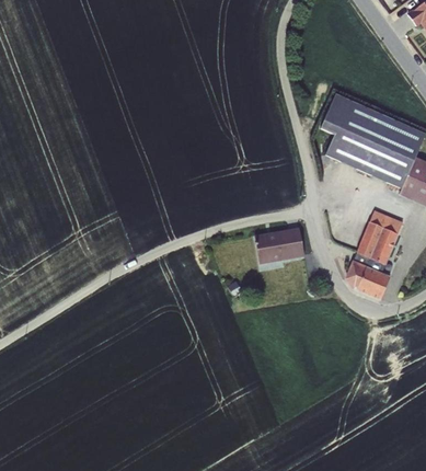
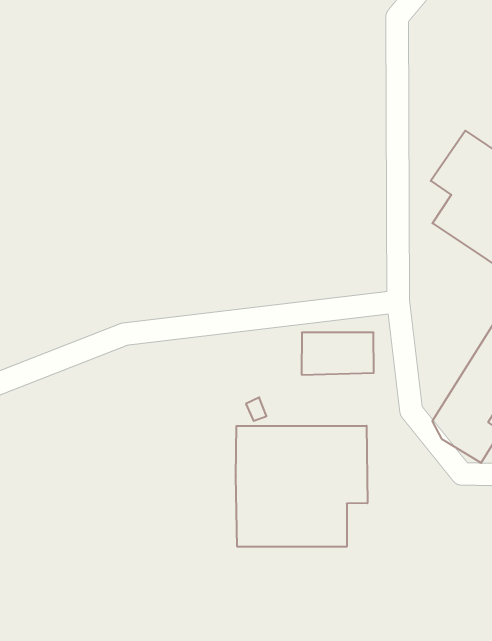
building: none -> [236,426,367,547]

